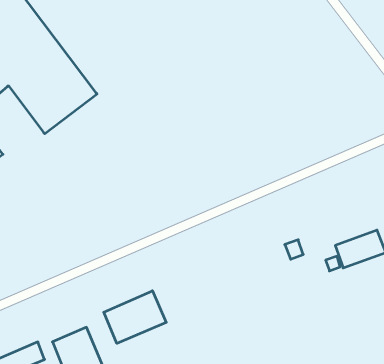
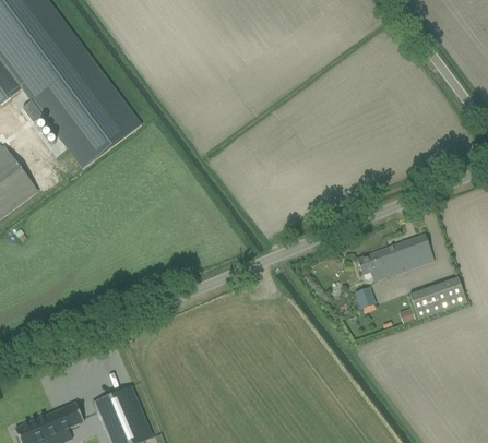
building: none -> [357,234,435,282]
building: [104,291,166,343] -> none

